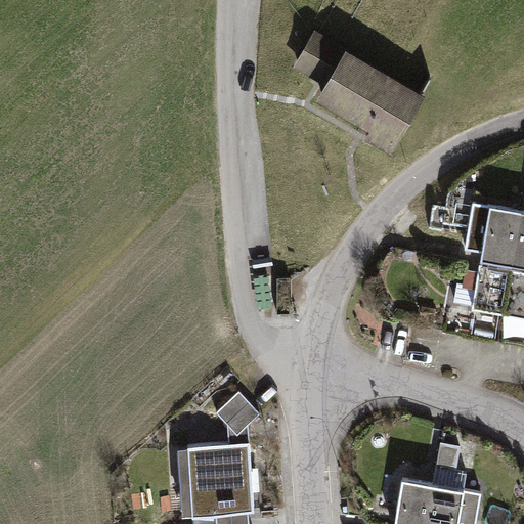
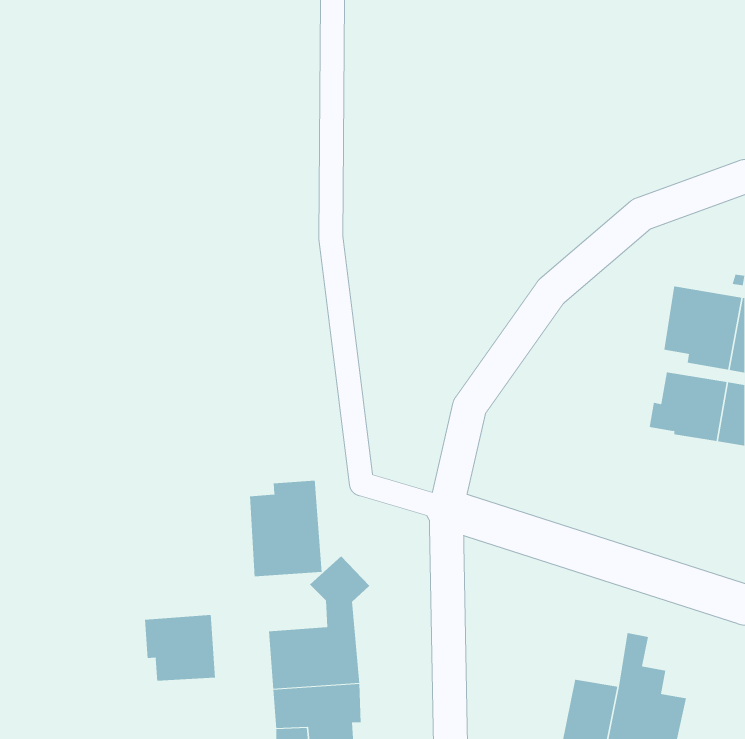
building: [298,38,419,149] -> none
building: none -> [249,480,322,577]
building: none -> [145,614,215,681]

